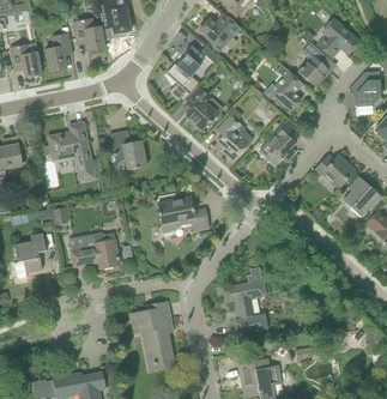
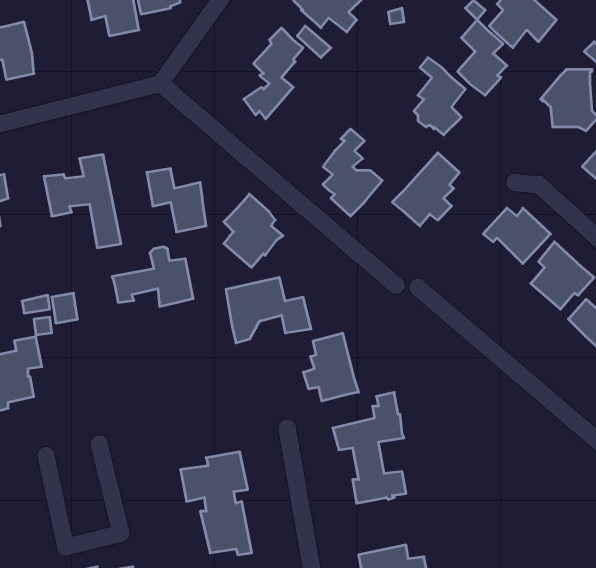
building: [46,34,72,72] -> none
building: [185,86,220,131] -> [224,194,283,267]
building: none -> [303,333,359,401]
building: [71,232,120,268] -> [112,247,193,306]

